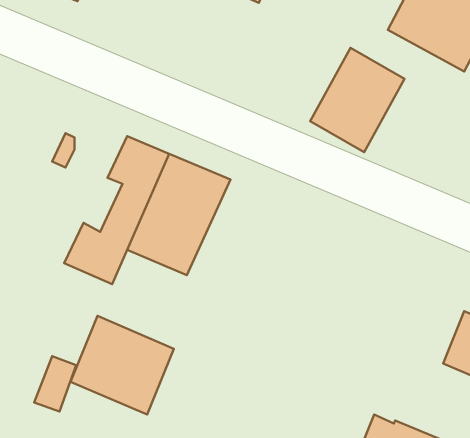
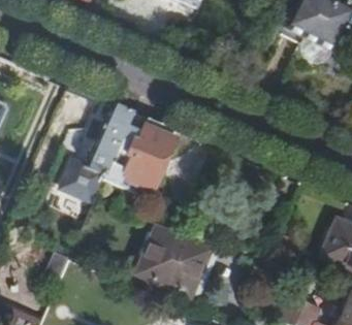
building: [310,48,404,152] -> none
building: [71,316,174,415] -> [138,226,210,294]

